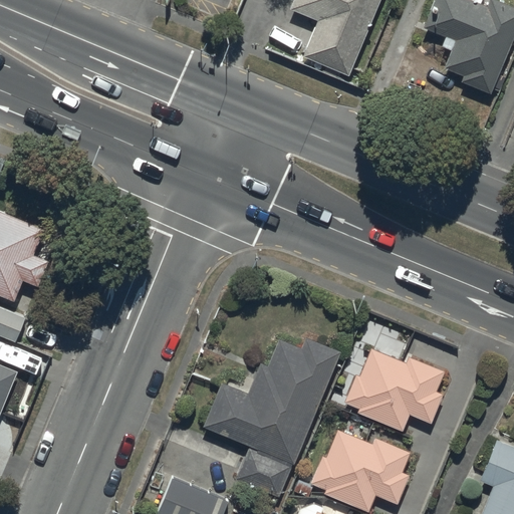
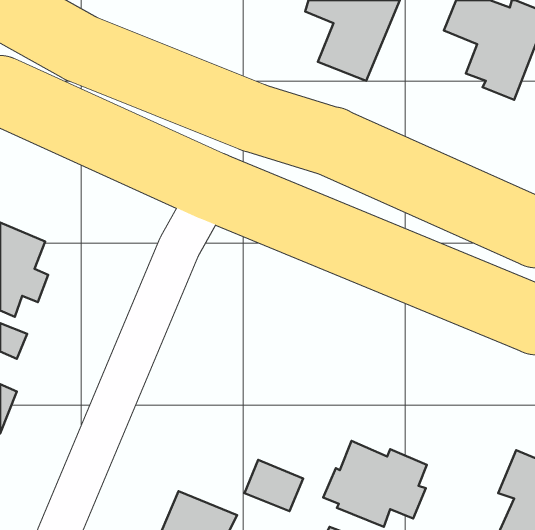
building: [203,334,339,461] -> none
building: [344,346,444,429] -> none

